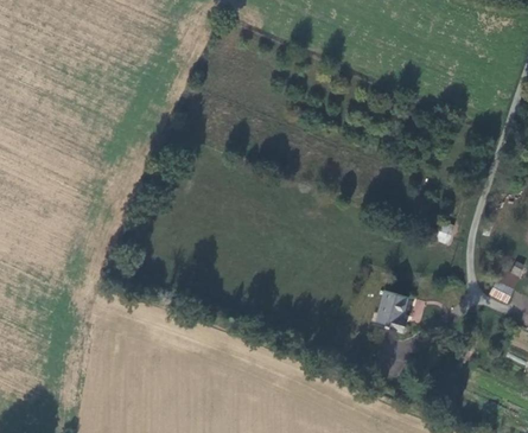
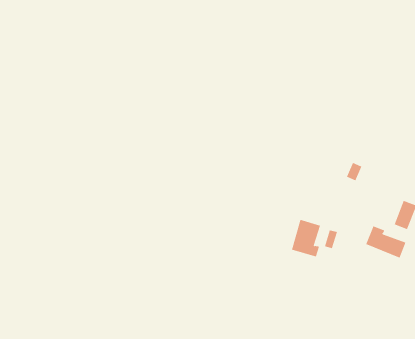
building: none -> [366,225,406,258]

